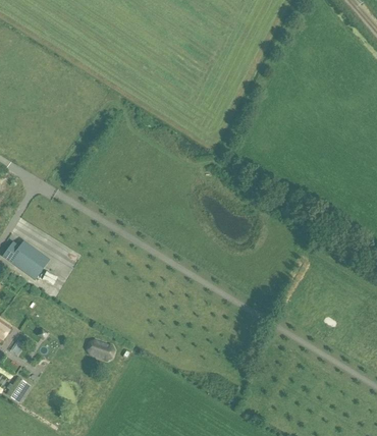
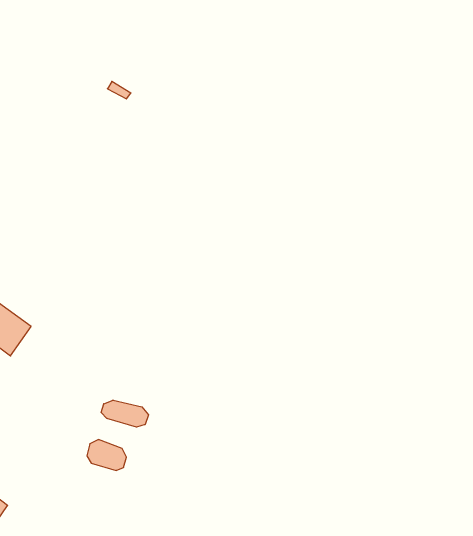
building: none -> [101,400,149,427]

